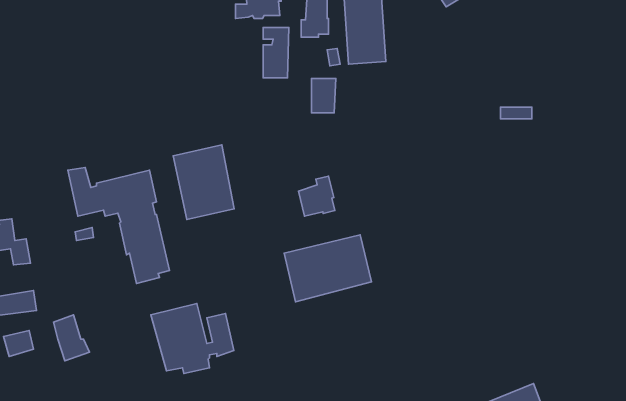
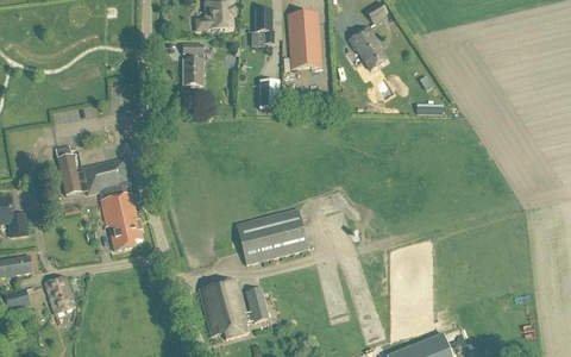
building: none -> [349,26,385,68]
building: [263,28,289,78] -> [182,43,203,84]
building: [173,145,234,219] -> none
building: [299,176,335,216] -> none
building: [151,303,234,374] -> [200,280,269,338]

